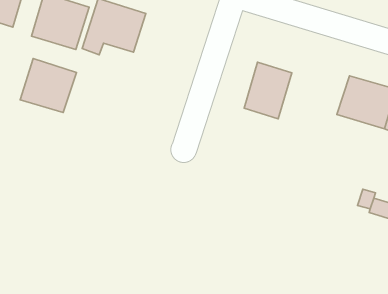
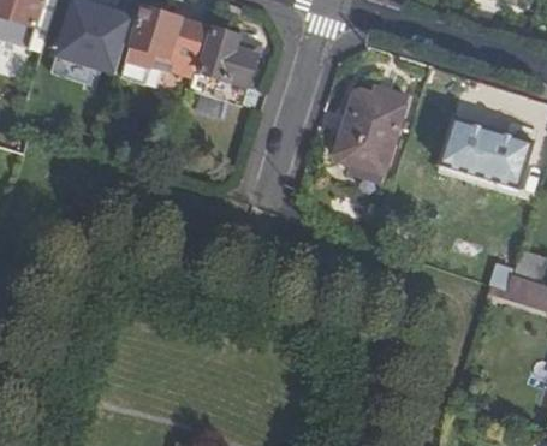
building: none -> [198,28,257,84]
building: [20,58,77,113] -> none

